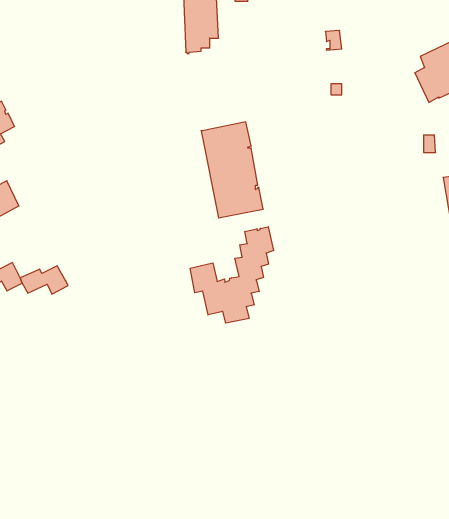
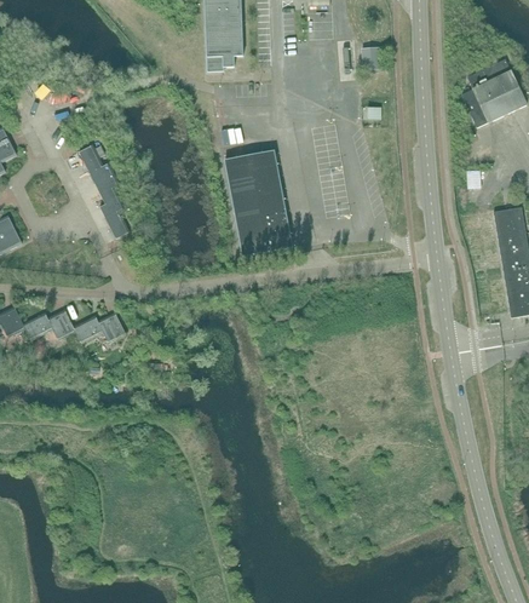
building: none -> [79,144,130,237]
building: [190,227,274,323] -> none
building: none -> [74,311,126,343]

